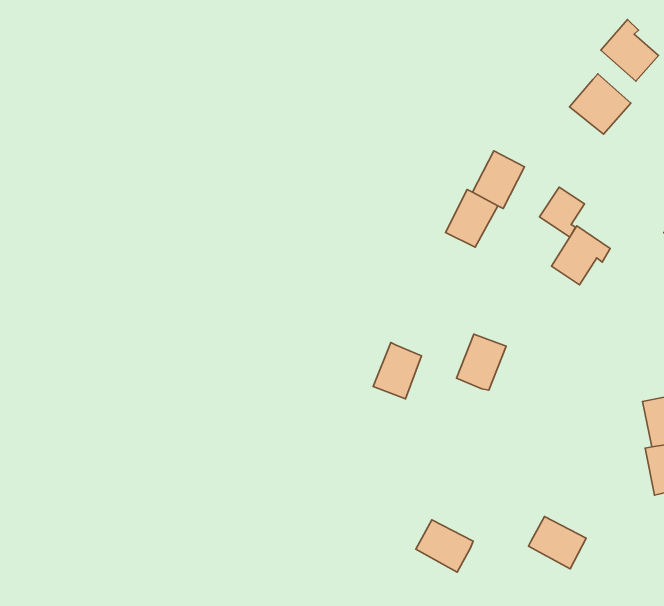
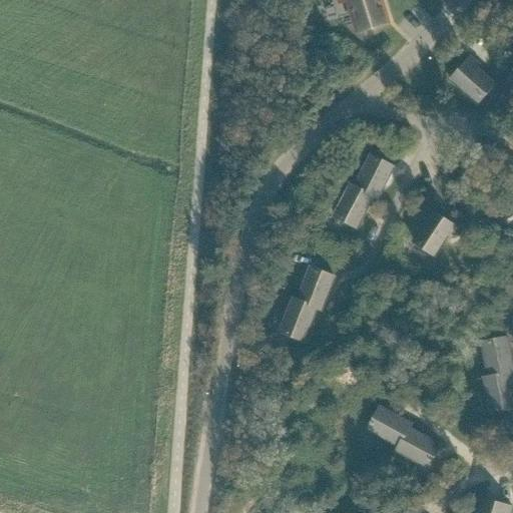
building: [569,74,631,134] -> none
building: [540,187,585,237] -> none
building: [457,334,506,390] -> [297,268,334,310]
building: [416,520,473,572] -> [367,408,410,447]

